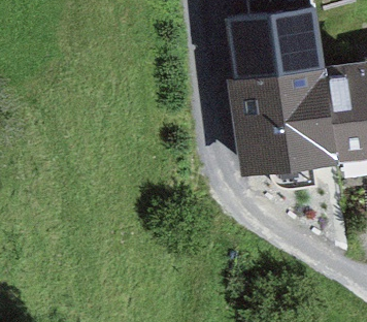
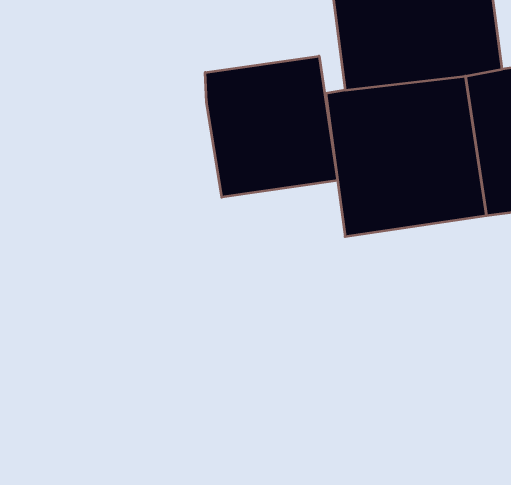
building: none -> [205,56,338,197]

